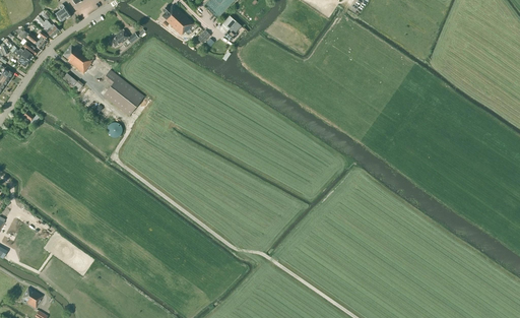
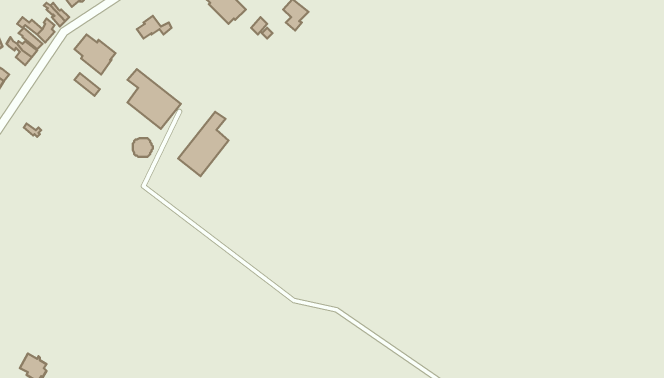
building: none -> [178,112,229,176]

